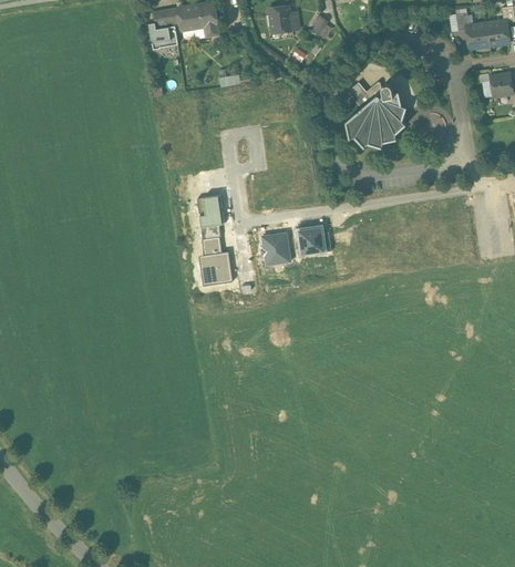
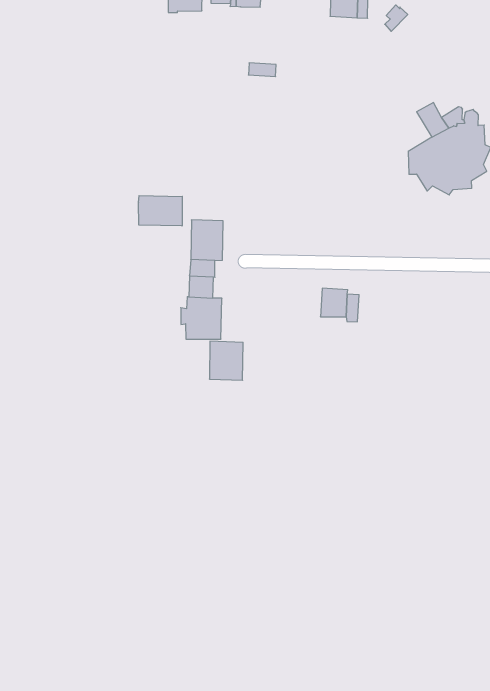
building: none -> [139,196,182,226]
building: [261,234,290,265] -> [209,341,243,380]

